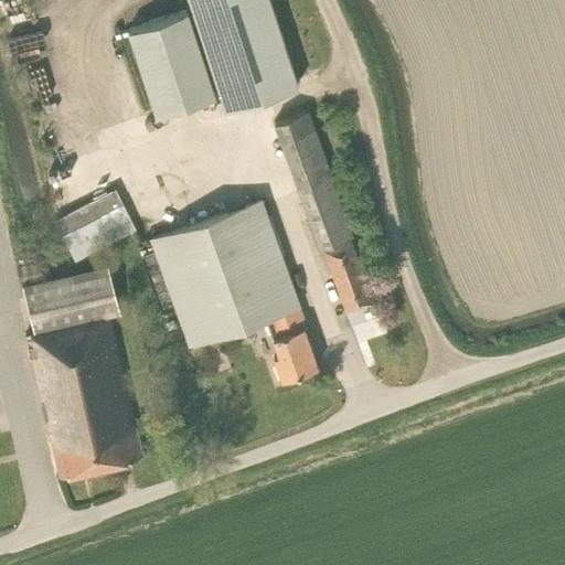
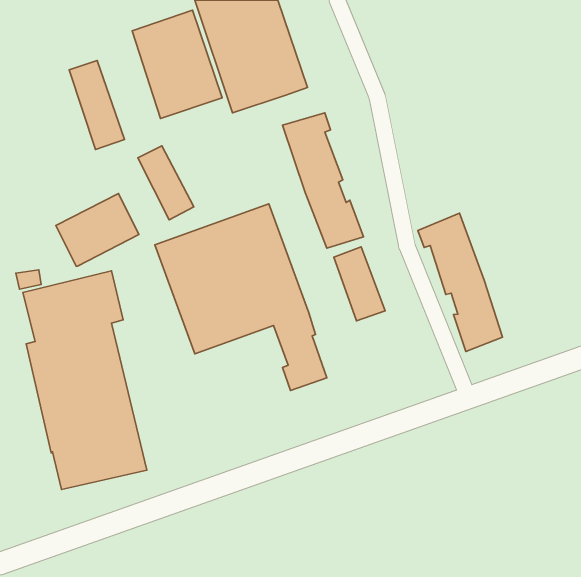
building: none -> [69,61,125,150]
building: none -> [138,146,194,220]
building: none -> [418,213,502,352]

